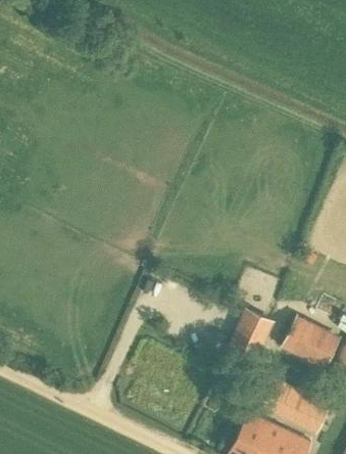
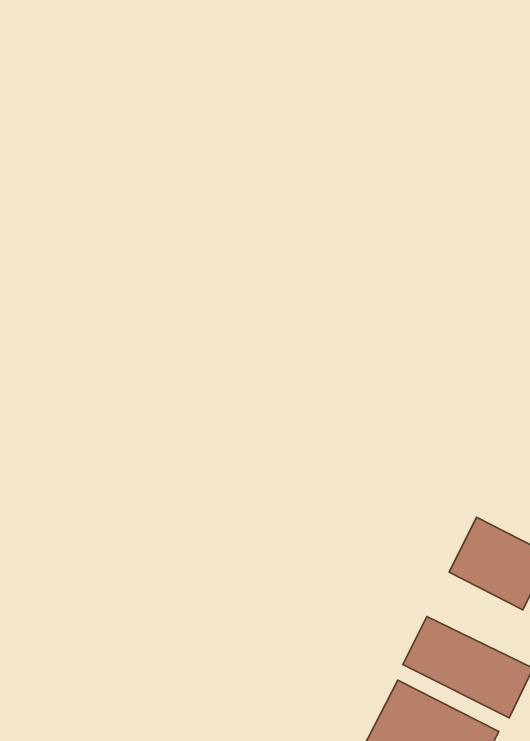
building: [231,310,271,359] -> none

